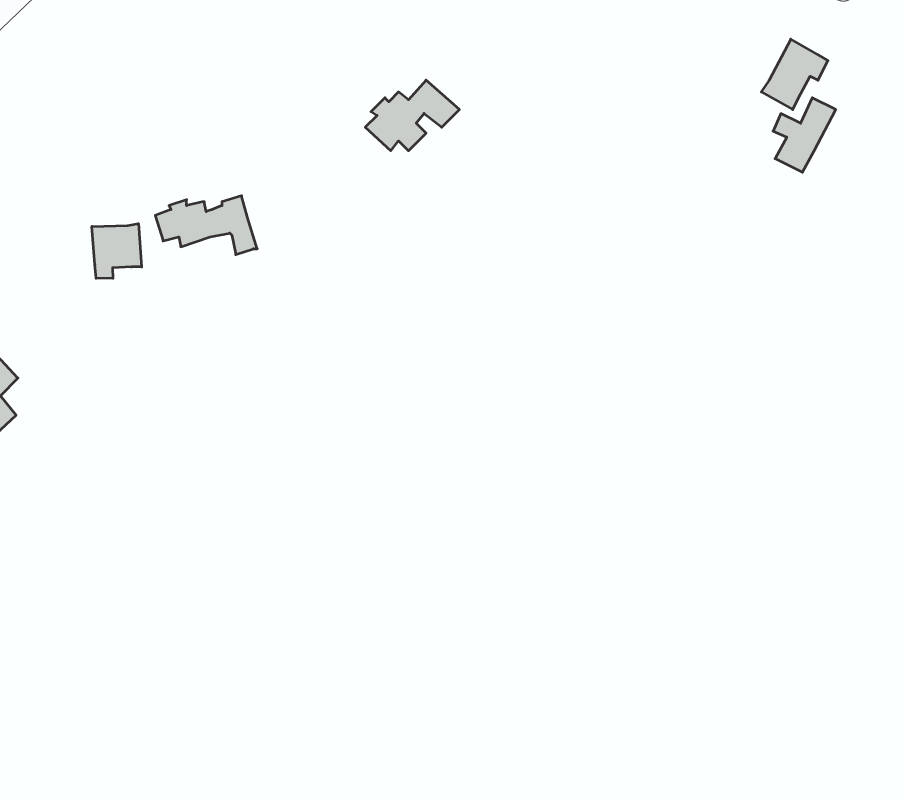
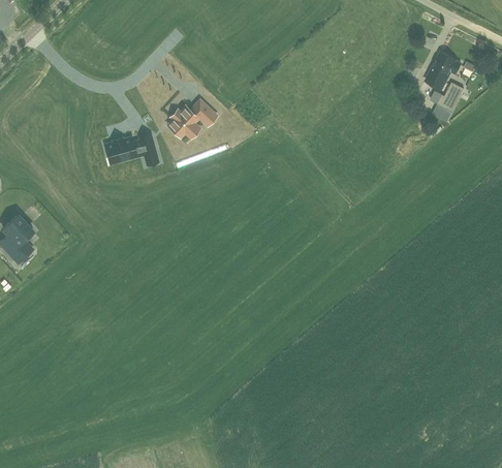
building: [365,80,459,151] -> [167,100,217,137]
building: [92,224,142,278] -> none

